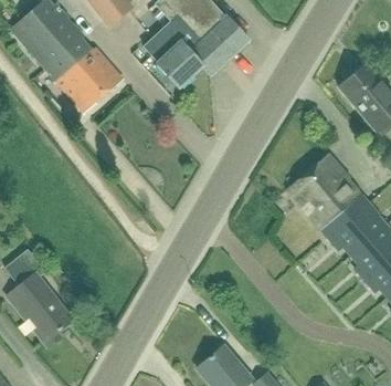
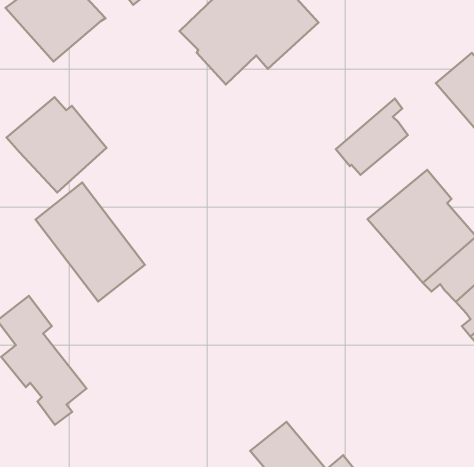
building: [46,39,123,112] -> [7,97,107,193]
building: none -> [336,99,408,175]
building: none -> [35,183,145,301]

